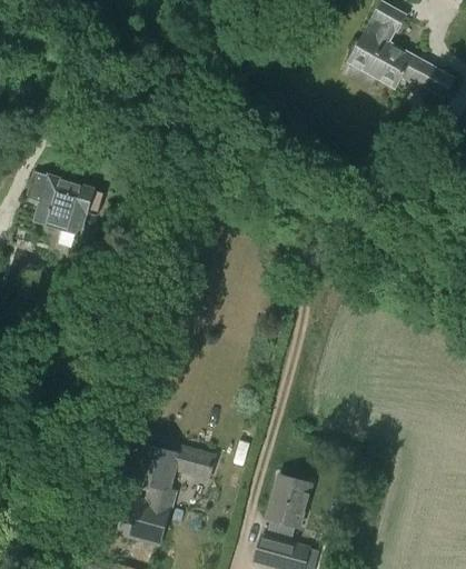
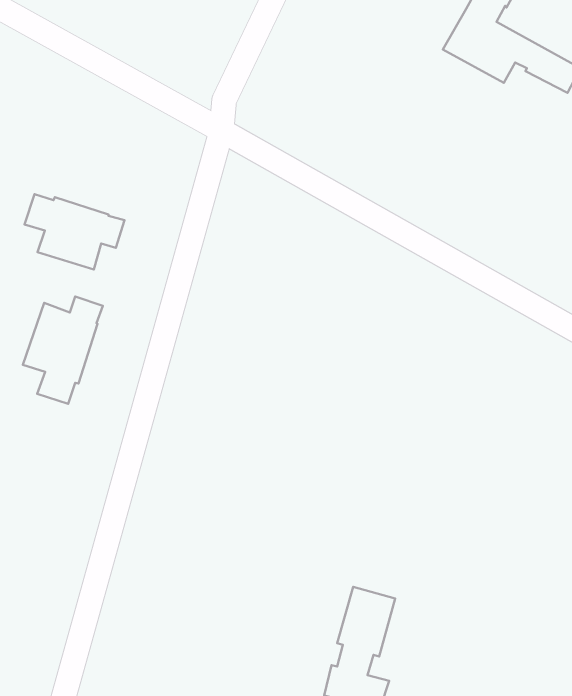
building: none -> [23,297,103,404]
building: [119,443,215,542] -> none

